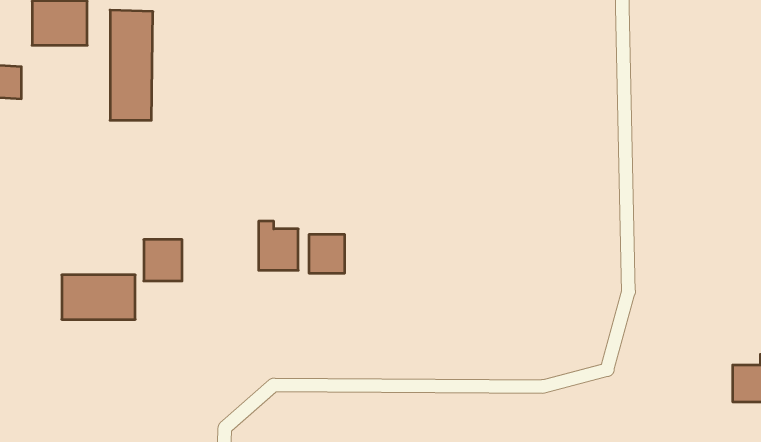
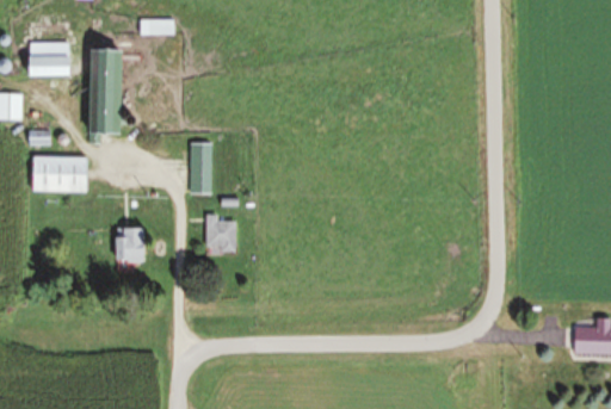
building: none -> [189,160,211,193]
building: [309,234,344,273] -> none
building: [62,275,135,319] -> [31,156,88,191]

